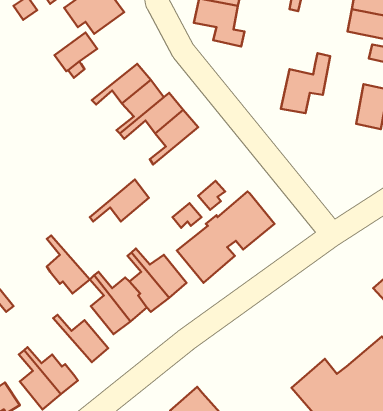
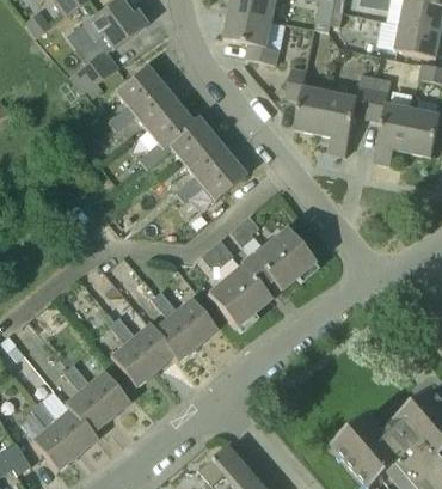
building: none -> [108,66,161,126]
building: none -> [286,67,331,135]
building: none -> [368,77,413,152]
building: [90,179,149,221] -> [179,155,245,202]
building: [47,235,90,293] -> [63,368,111,433]

